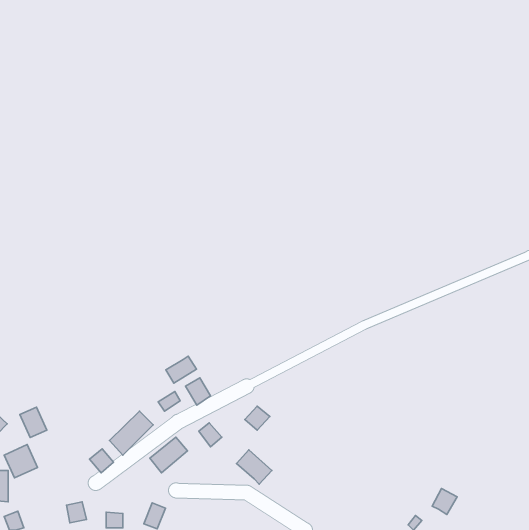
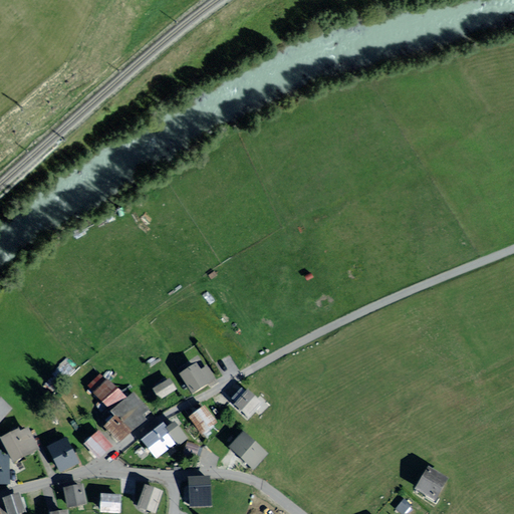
building: [166,356,196,383] -> none
building: none -> [89,374,124,412]
building: [20,407,47,437] -> [49,439,75,468]
building: none -> [190,477,207,501]

